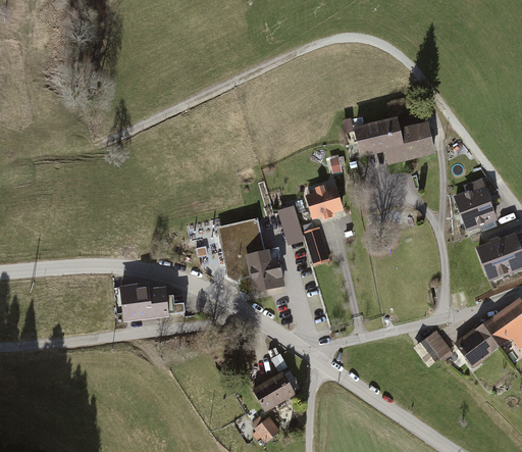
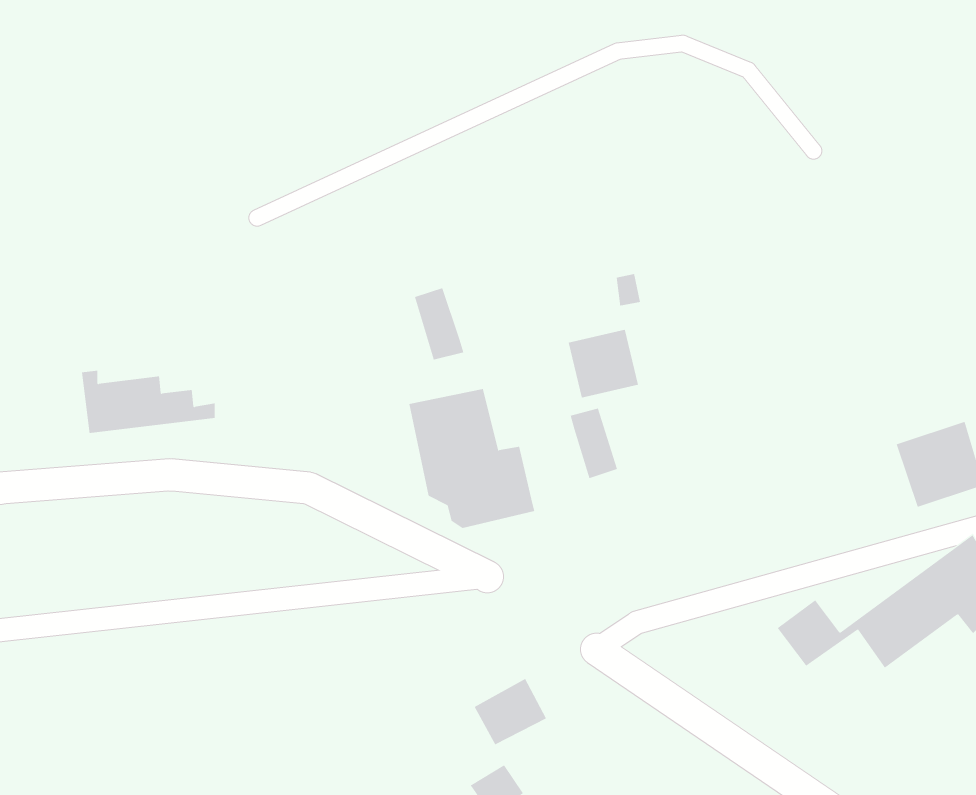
building: [352,116,433,163] -> none
building: [455,183,494,227] -> none
building: [280,203,307,242] -> [414,287,464,360]
building: [116,284,188,317] -> [81,370,215,433]

